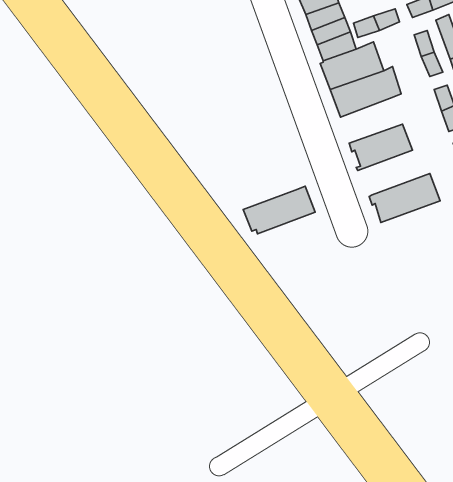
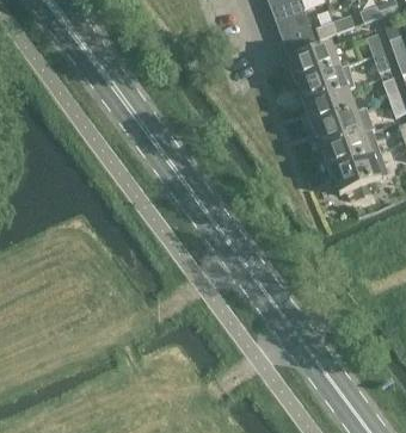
building: none -> [304,87,356,125]
building: [243,186,315,234] -> [319,129,379,168]

